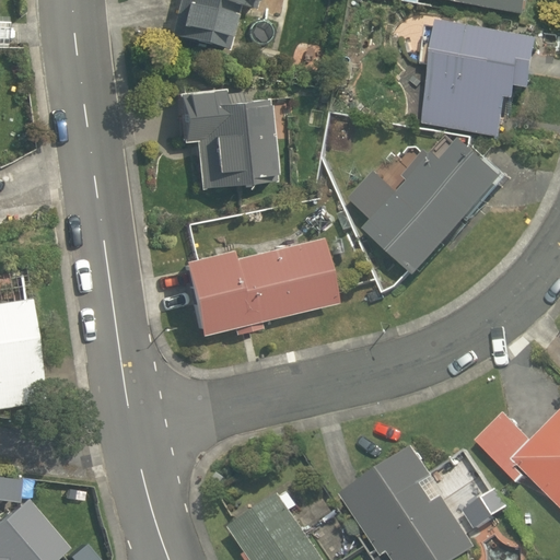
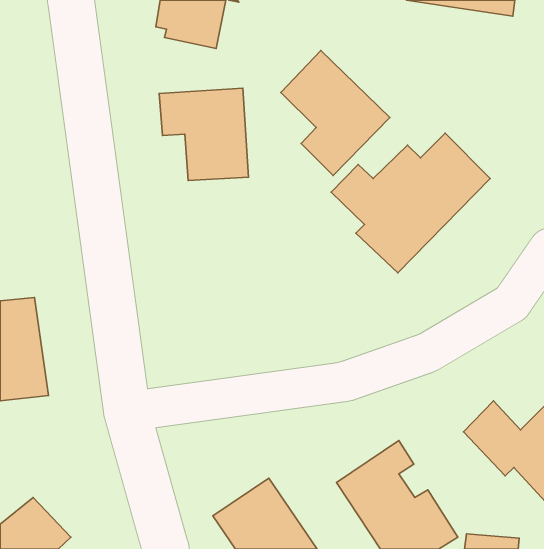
building: [424,26,533,133] -> none
building: none -> [281,51,390,175]
building: [171,230,331,334] -> none

